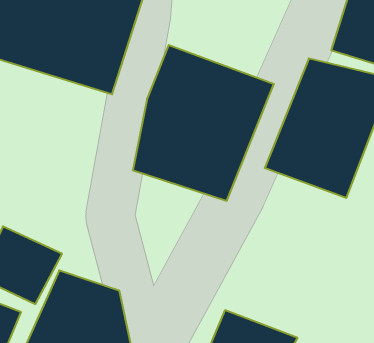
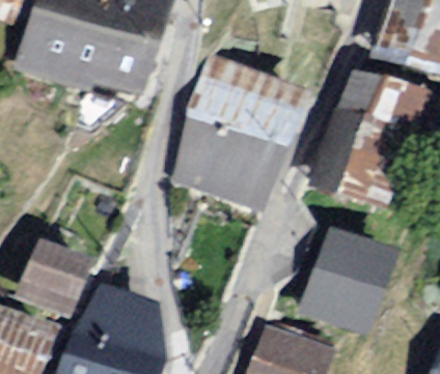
building: none -> [299,224,407,338]

